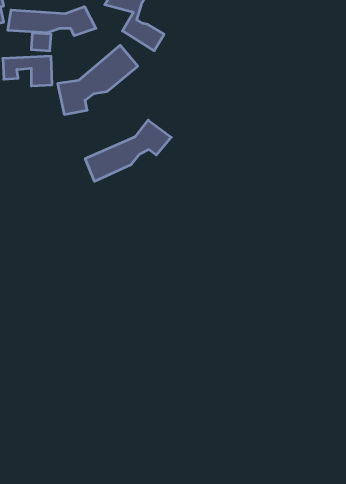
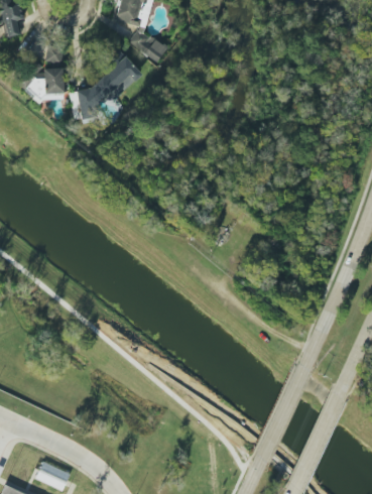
building: [8,7,96,36] -> none
building: [85,120,171,181] -> none

